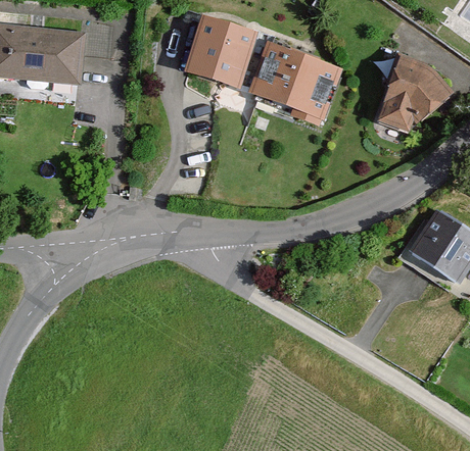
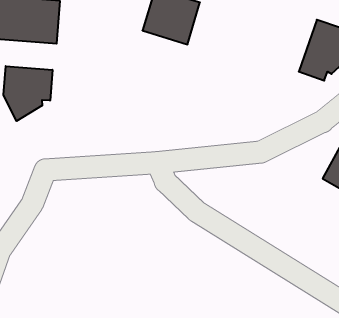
building: [252,43,341,124] -> none
building: none -> [3,66,52,121]

